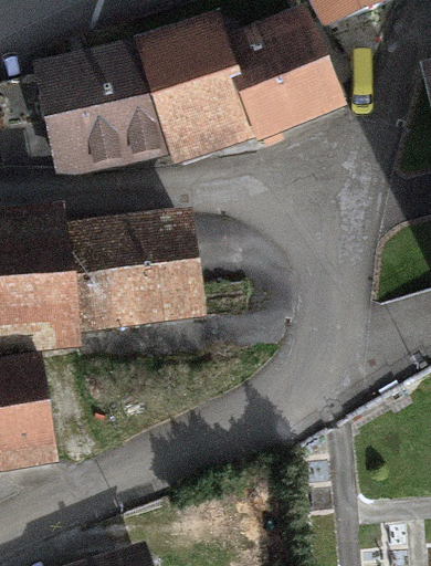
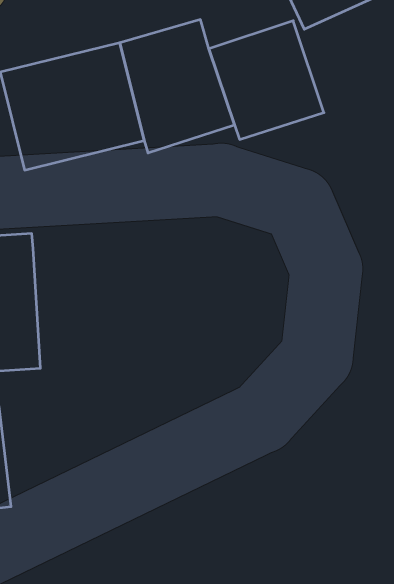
building: [70,222,193,338] -> none

